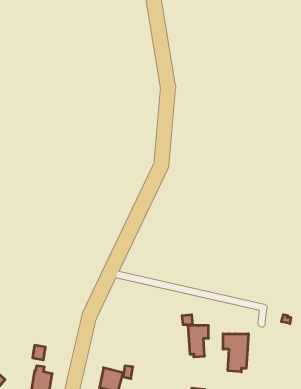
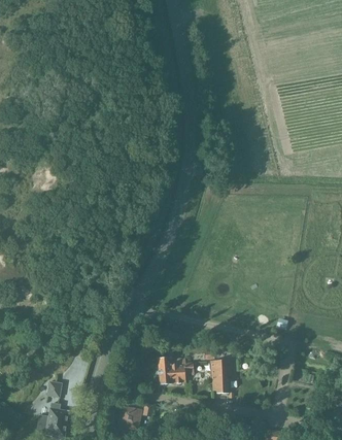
building: none -> [158,358,193,384]
building: [223,334,248,372] -> none

